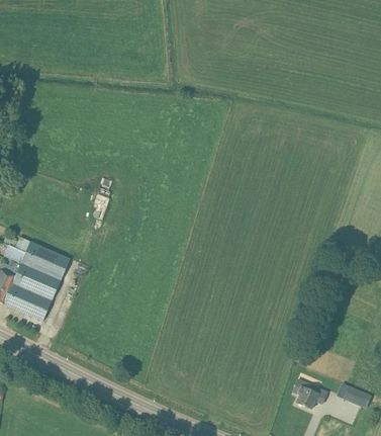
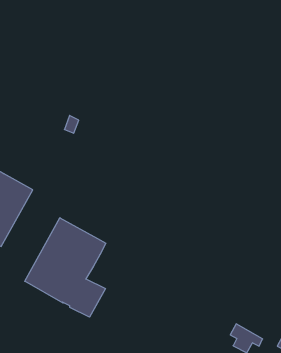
building: none -> [25,218,106,317]

